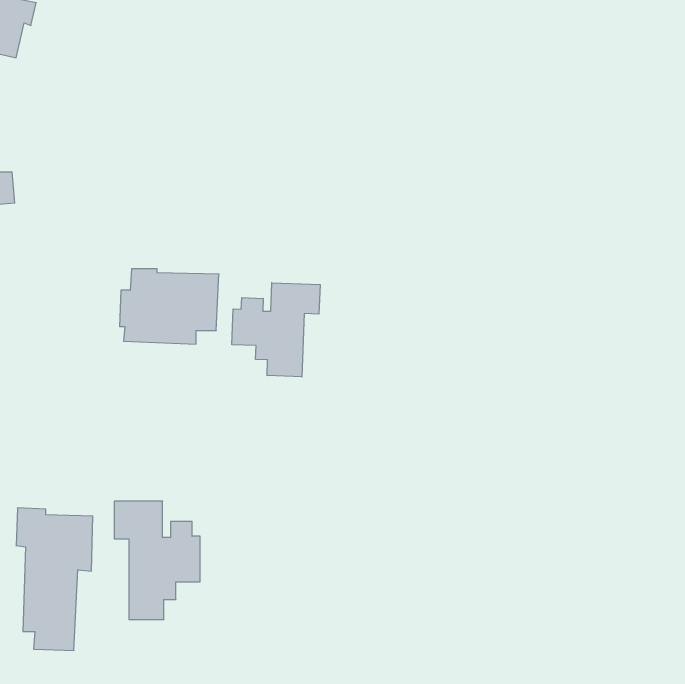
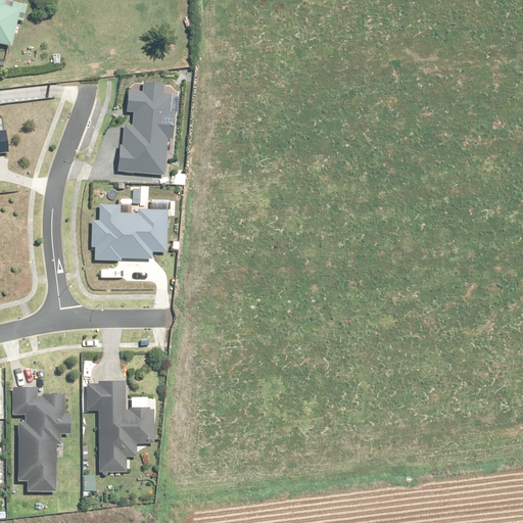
building: none -> [117,84,172,175]
building: [232,283,320,377] -> none

